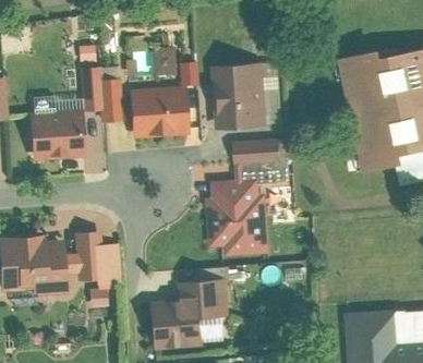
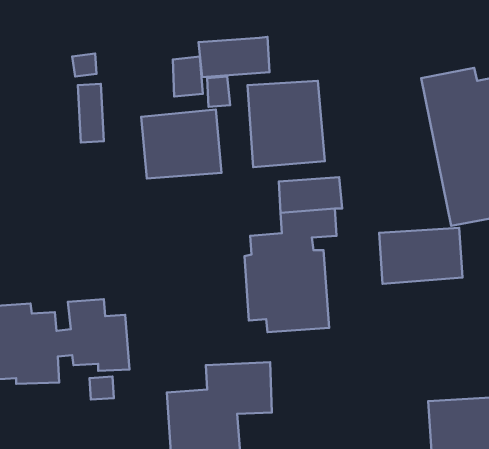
building: none -> [199,37,270,77]
building: [101,80,121,121] -> none
building: [31,111,85,160] -> none
building: none -> [379,228,462,284]

